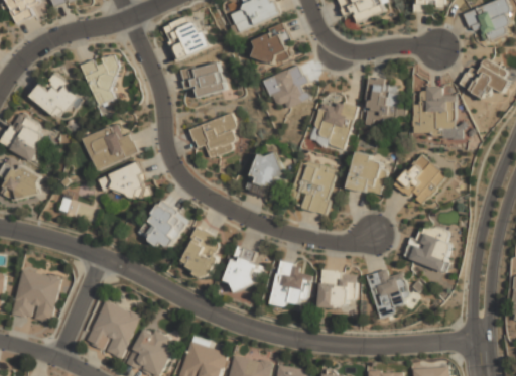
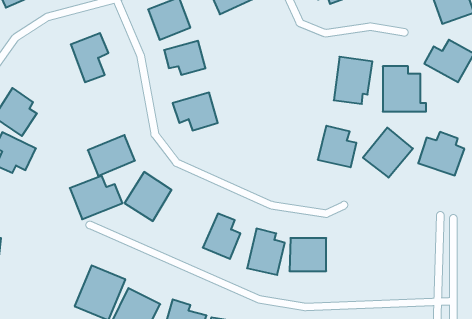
building: [250,25,294,69] -> none
building: [262,65,311,109] -> none
building: [29,70,84,120] -> none
building: [308,98,357,151] -> none
building: [81,124,137,170] -> [70,176,123,219]
building: [245,151,285,195] -> none
building: [290,159,338,215] -> none
building: [403,226,453,272] -> [418,132,464,175]
building: [177,227,225,279] -> none
building: [10,268,59,324] -> none
building: [367,269,409,319] -> none

